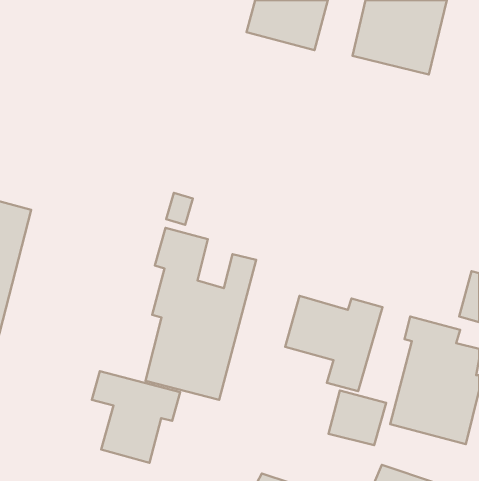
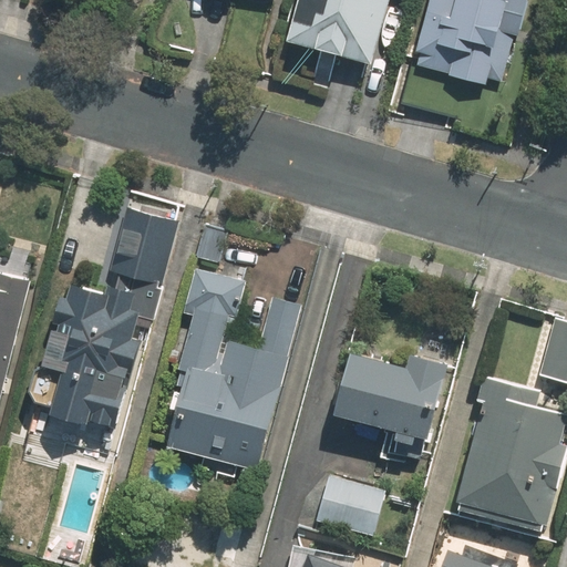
building: none -> [38,210,175,429]
building: [92,371,180,463] -> none
building: [329,390,386,445] -> [313,477,381,542]

